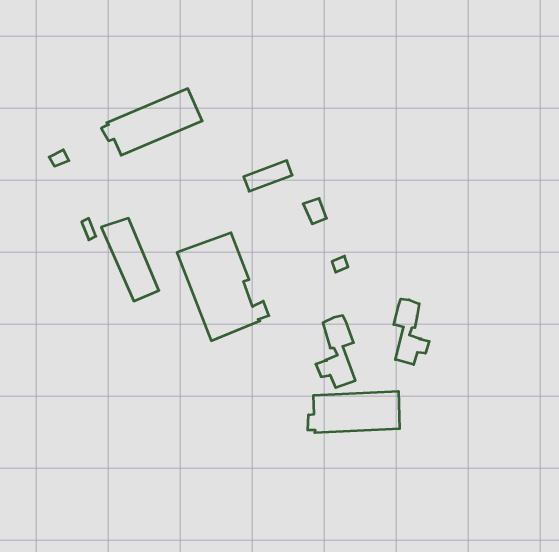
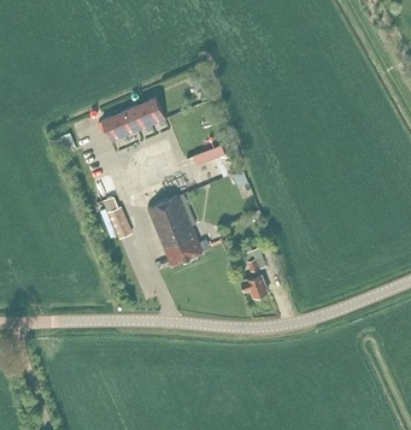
building: [394,299,429,365] -> none
building: [308,391,400,433] -> none

